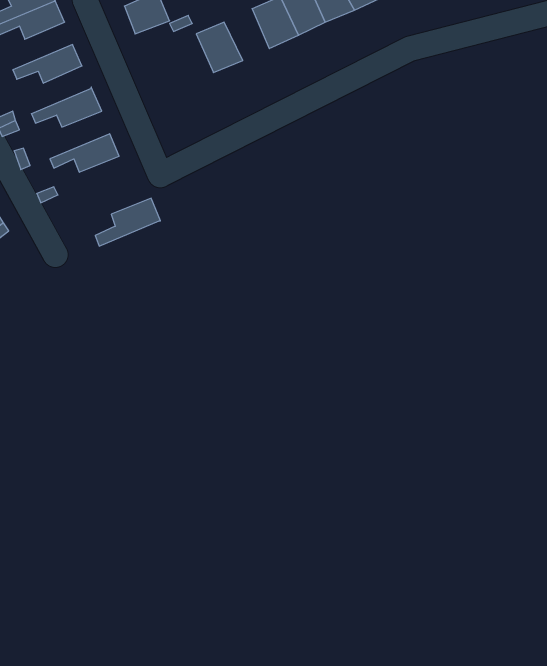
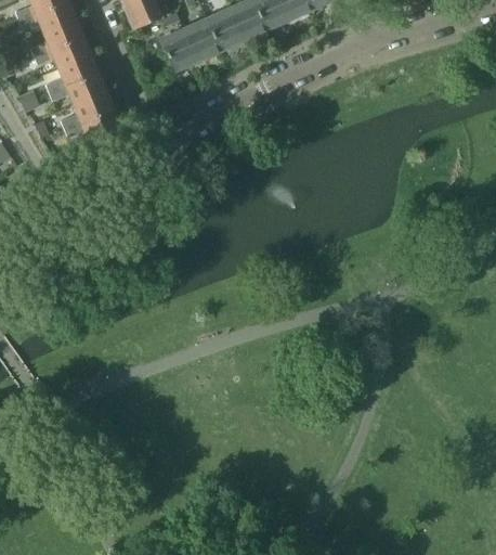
building: none -> [206,8,243,50]
building: none -> [30,18,82,57]
building: none -> [159,28,197,70]
building: none -> [45,54,97,93]
building: [95,198,160,246] -> [61,91,114,130]

